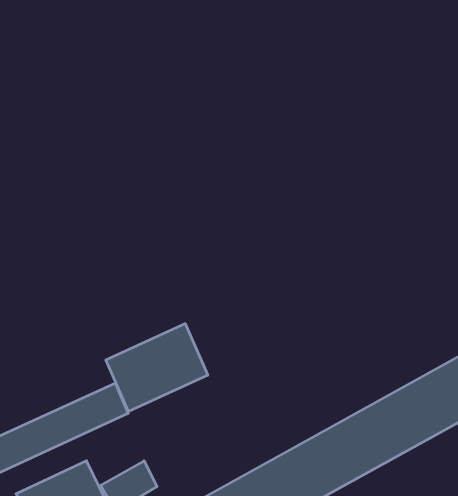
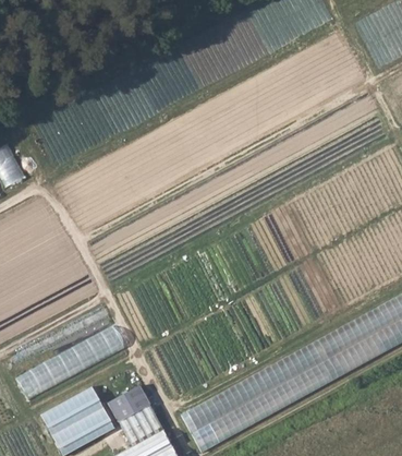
building: [106,324,208,411] -> none

